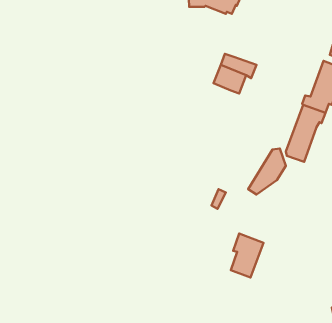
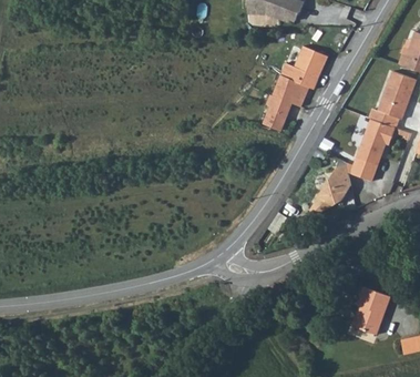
building: none -> [295,45,327,75]
building: none -> [263,94,291,131]
building: [231,234,264,277] -> [355,286,390,334]

